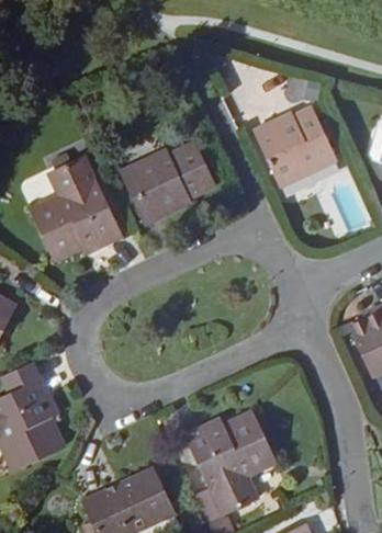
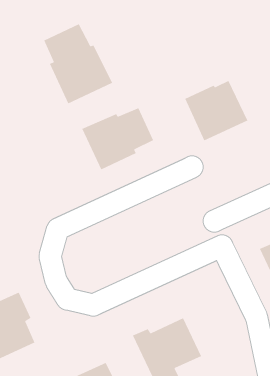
building: none -> [43,23,113,105]
building: [23,160,113,262] -> none

